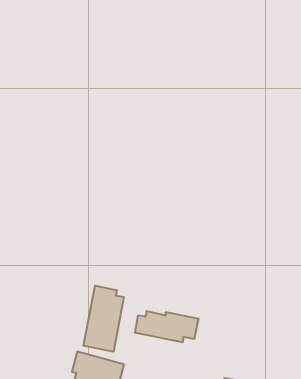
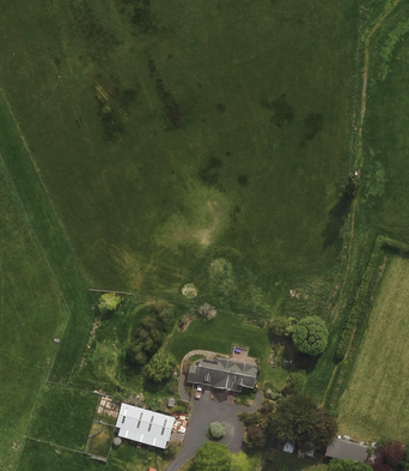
building: [83,286,124,352] -> none

